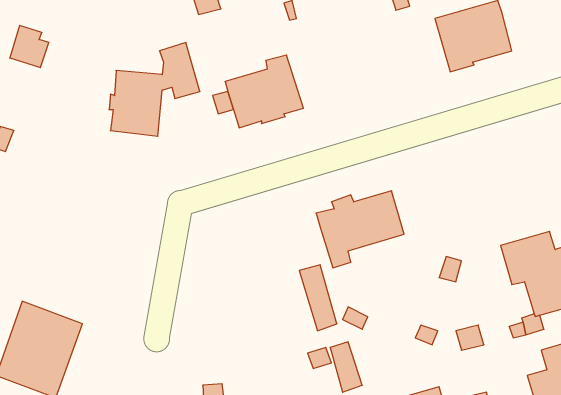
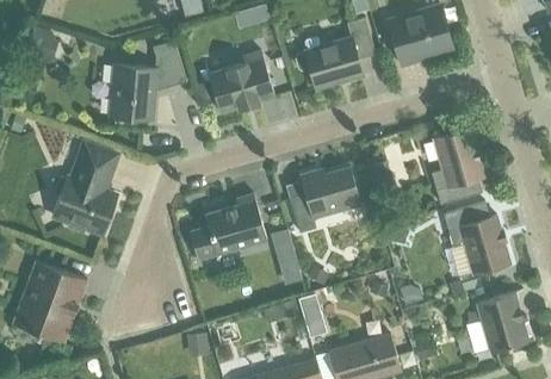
building: none -> [293,17,376,88]
building: none -> [431,128,484,205]
building: none -> [51,143,117,235]
building: none -> [190,194,266,260]

